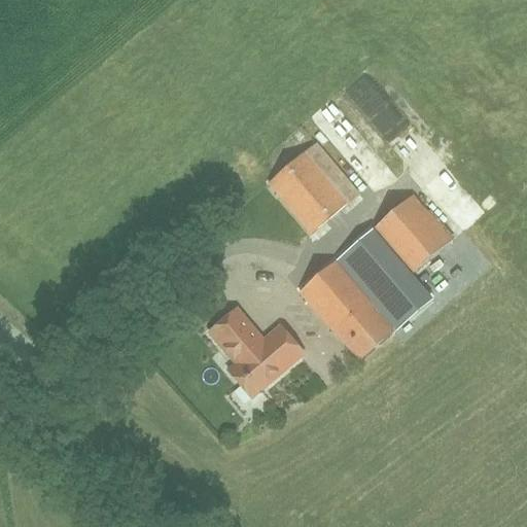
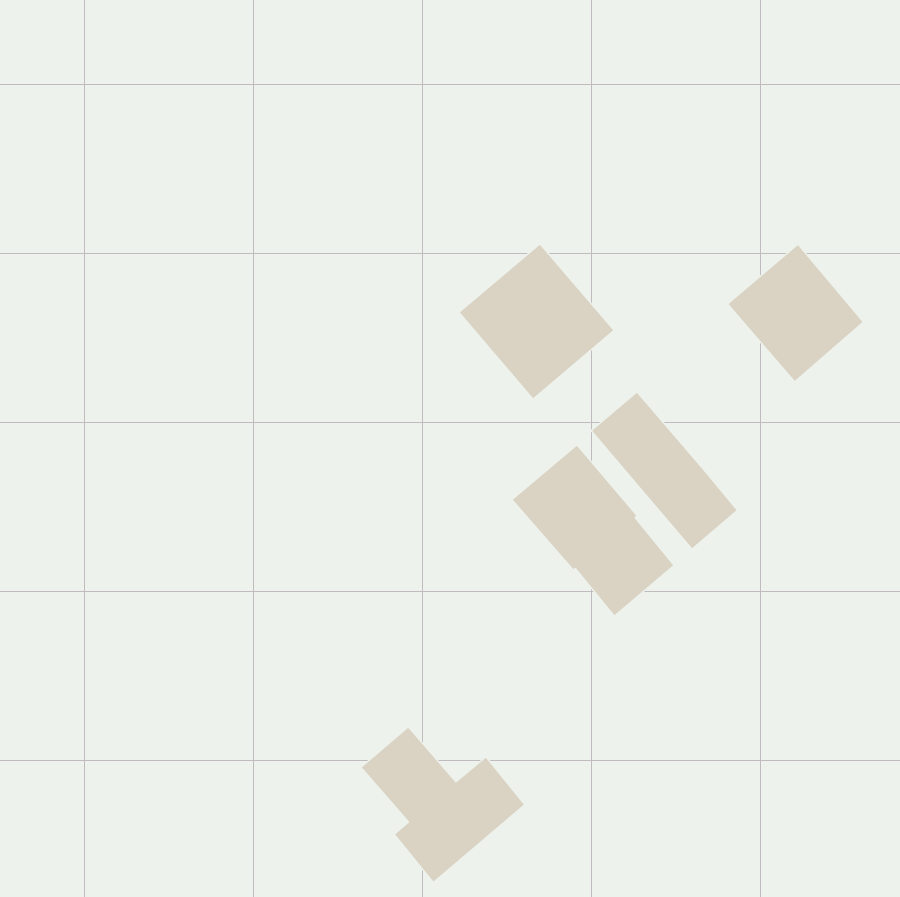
building: [372,194,451,274] -> [728,244,863,382]
building: [208,307,304,397] -> [361,727,525,882]

